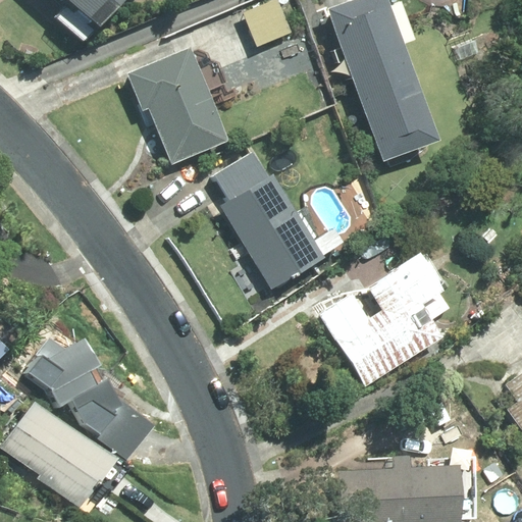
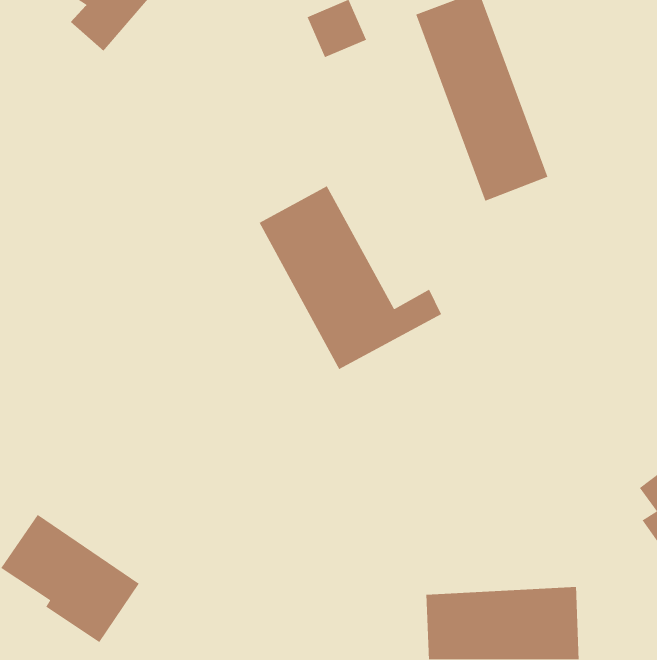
building: [134,46,230,166] -> none
building: [316,252,446,398] -> none
building: [48,342,152,458] -> none

